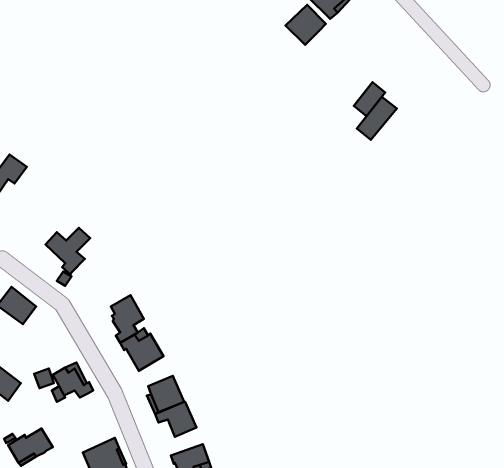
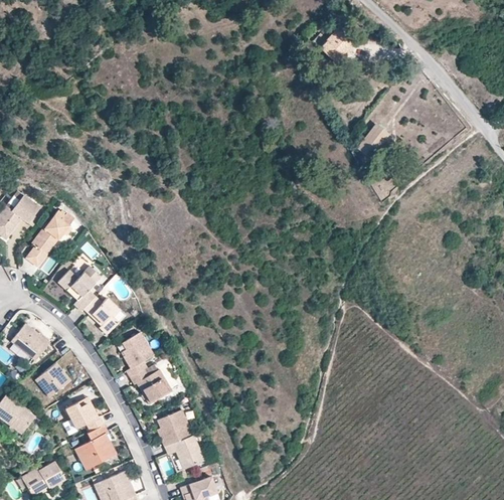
building: [285,5,326,45] -> none
building: [357,97,397,140] -> none
building: none -> [25,209,73,267]
building: none -> [82,296,119,334]
building: none -> [34,362,70,397]
building: none -> [74,424,116,470]

